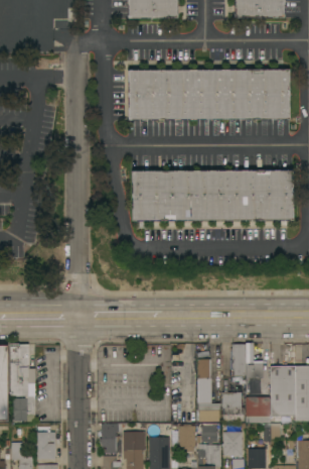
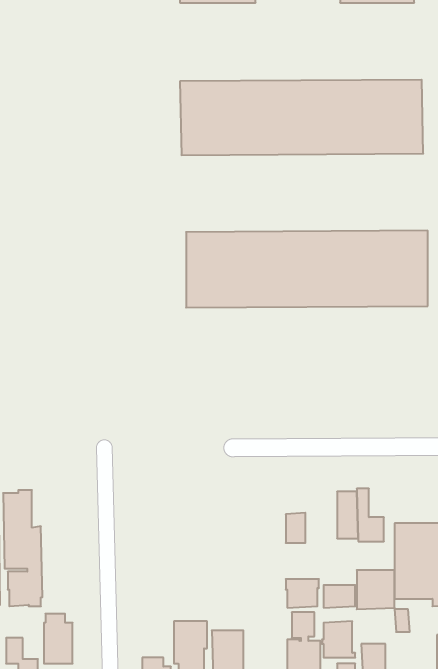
building: [102,423,123,453] -> none
building: [179,425,196,451] -> none

